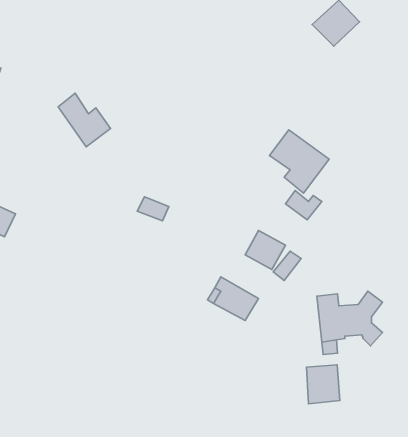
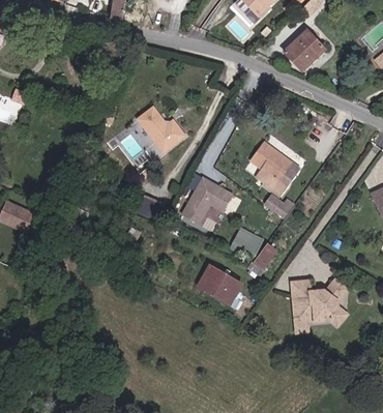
building: [58,93,110,147] -> [138,109,182,154]
building: none -> [181,176,234,232]
building: [306,365,340,404] -> none

